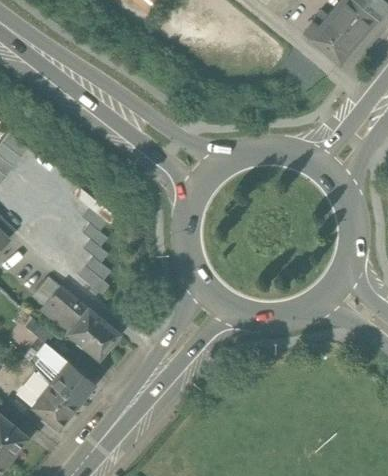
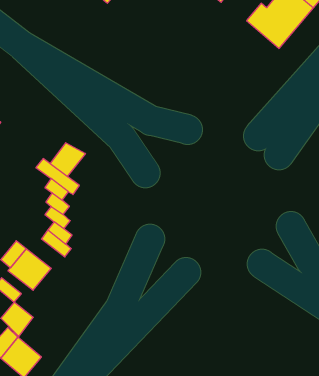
building: none -> [50,143,85,177]
building: [67,307,117,356] -> none
building: [50,361,94,405] -> none

